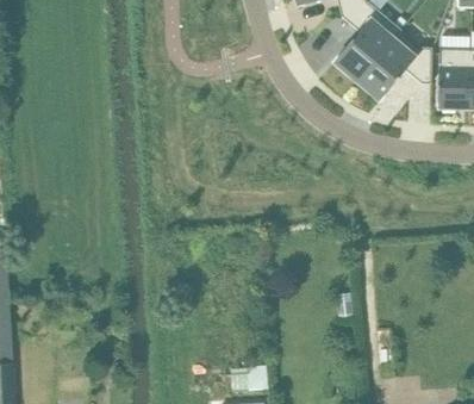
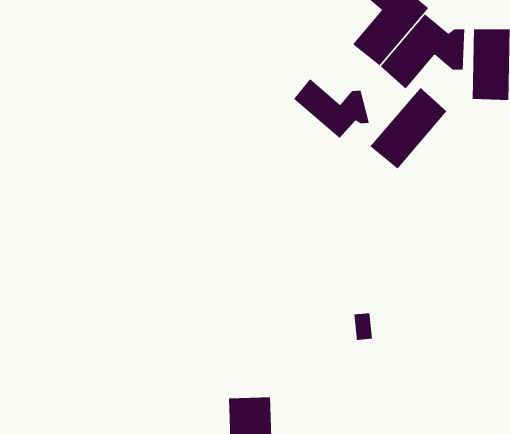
building: none -> [293,78,370,143]
building: none -> [370,87,447,170]

